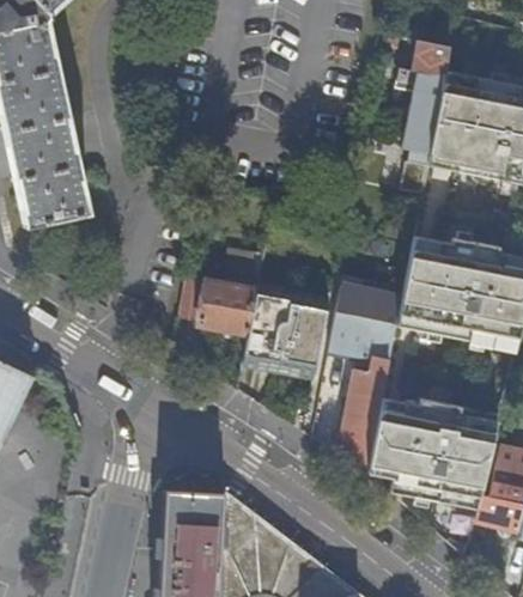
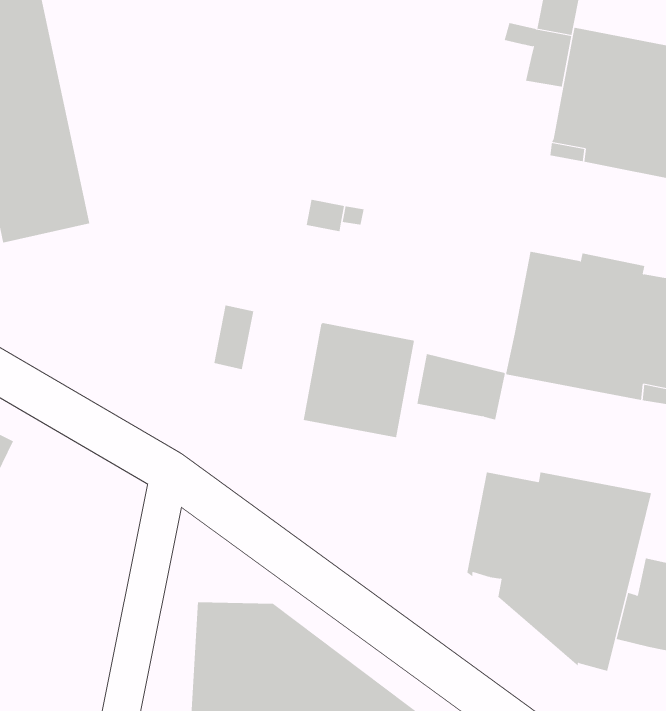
building: [405,110,439,153] -> none
building: [202,280,261,335] -> none
building: [339,285,403,325] -> none
building: [335,358,390,473] -> none

